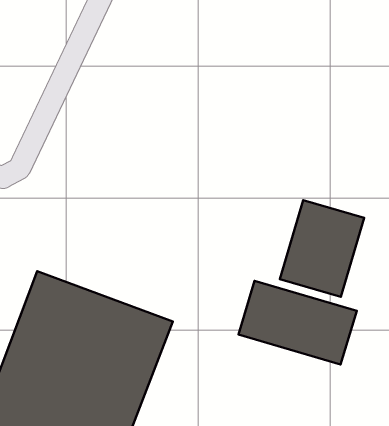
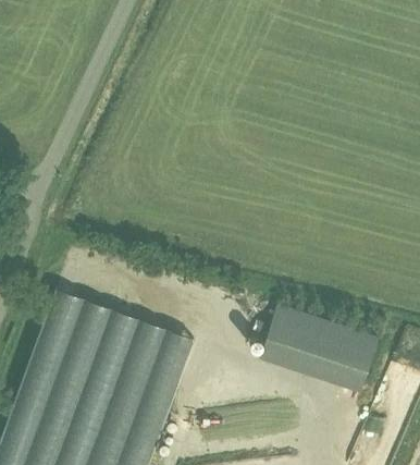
building: [280,200,364,297] -> none

